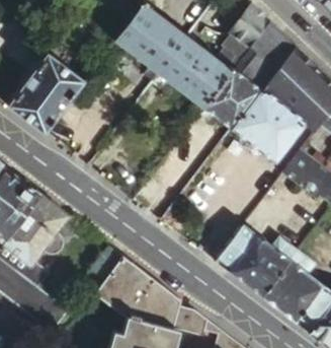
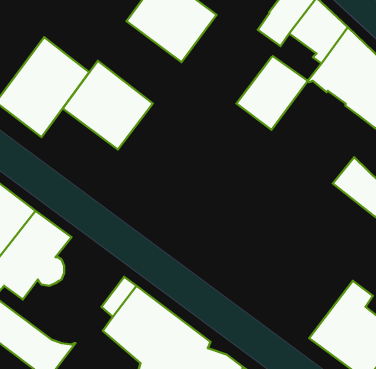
building: [160,36,233,108] -> [63,61,153,150]
building: [233,89,305,161] -> none
building: [217,225,299,298] -> none

